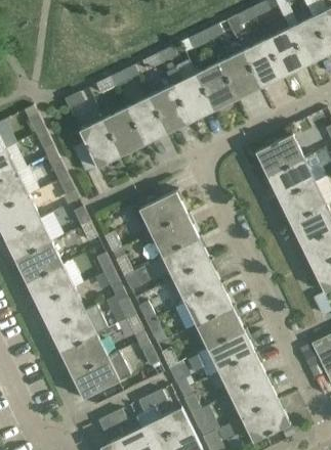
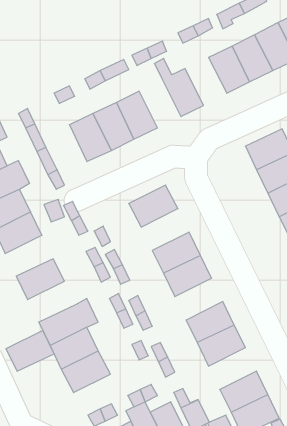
building: [195,62,237,110] -> none
building: [149,85,191,133] -> none
building: [151,214,199,256] -> none
building: [14,240,63,281] -> none
building: [184,283,233,325] -> none
building: [37,286,85,327] -> [6,330,54,371]
building: [218,353,266,395] -> none

